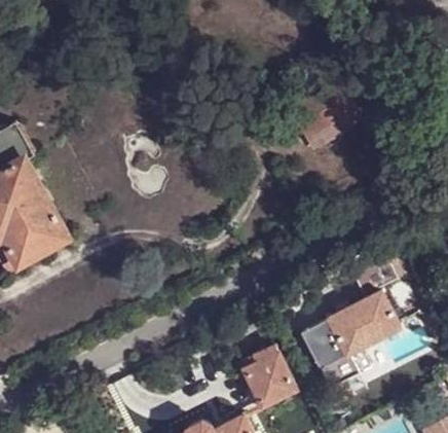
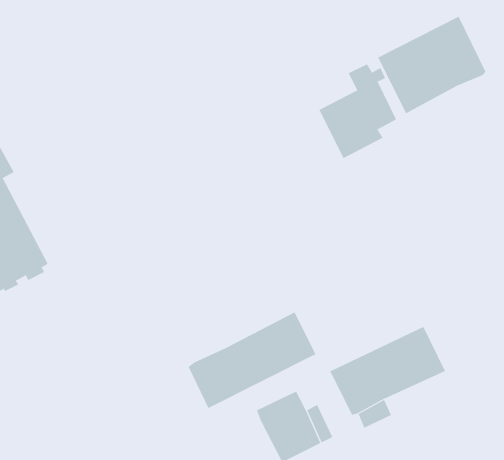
building: none -> [377,16,486,114]
building: none -> [188,312,316,409]

